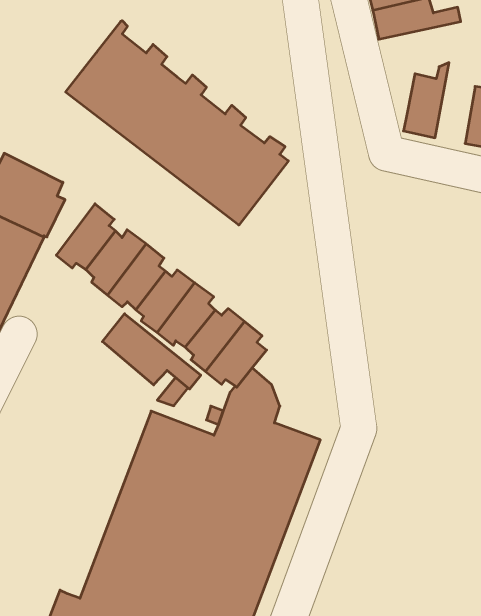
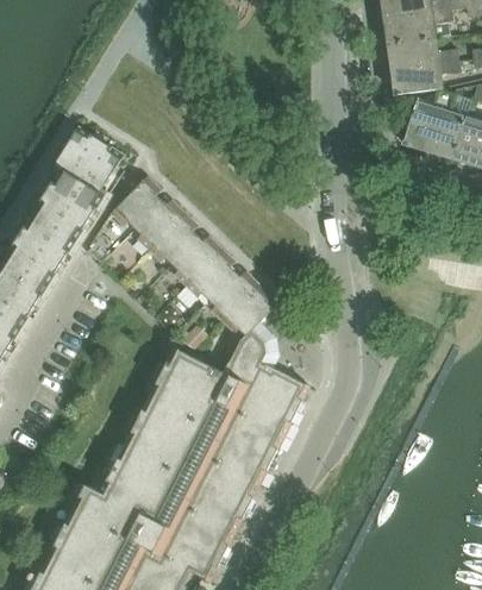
building: [66,21,288,225] -> none
building: none -> [390,62,459,96]
building: none -> [427,94,464,161]
building: [102,314,201,389] -> none

